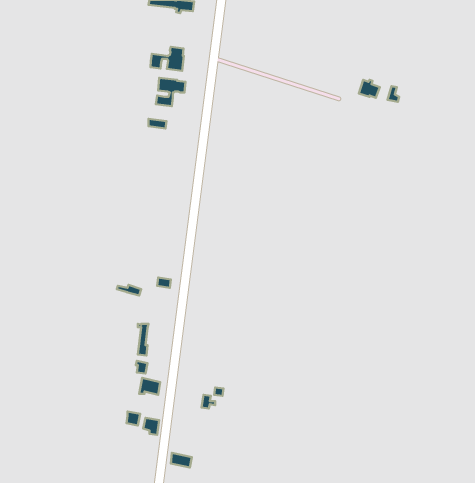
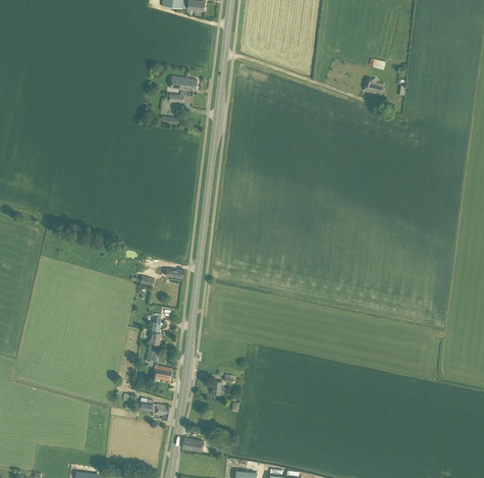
building: [150,47,184,71] -> none

